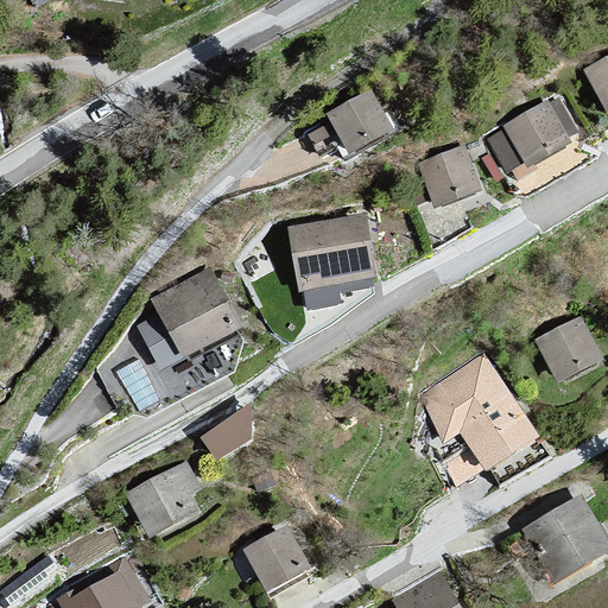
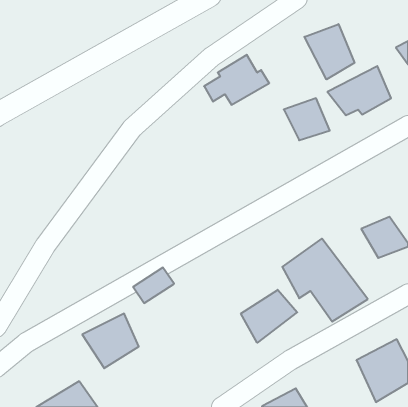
building: none -> [304,24,354,79]
building: [286,214,387,291] -> none
building: [133,266,247,369] -> none
building: none -> [241,290,297,343]
building: [245,526,315,595] -> none

